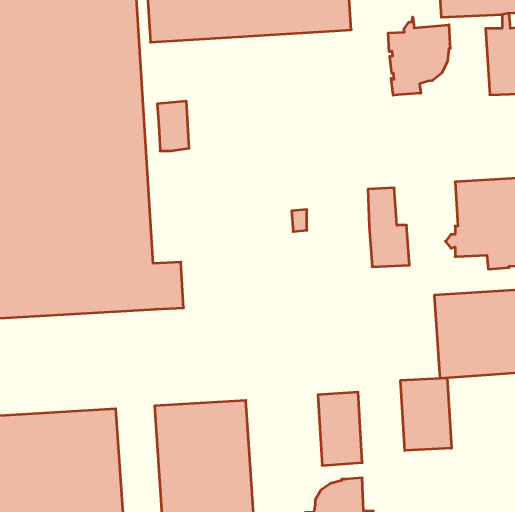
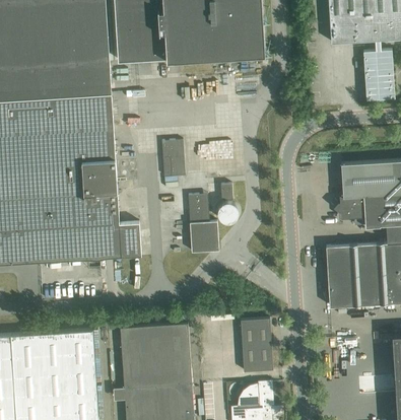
building: [388,17,450,95] -> none
building: [157,101,189,151] -> [162,140,186,177]
building: [368,188,409,267] -> [189,194,219,252]
building: [401,378,451,451] -> none

